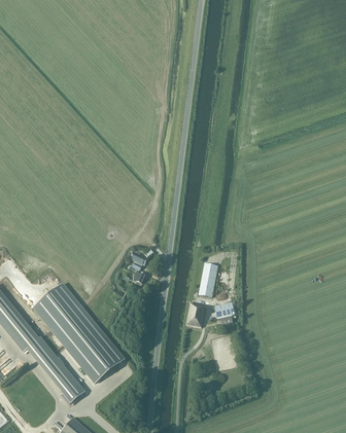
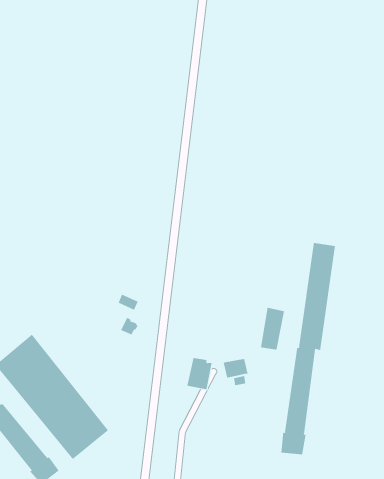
building: none -> [281,242,335,455]
building: [199,262,218,296] -> [260,307,285,350]

